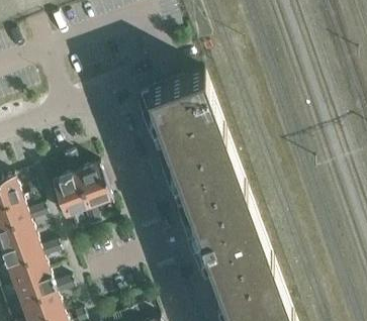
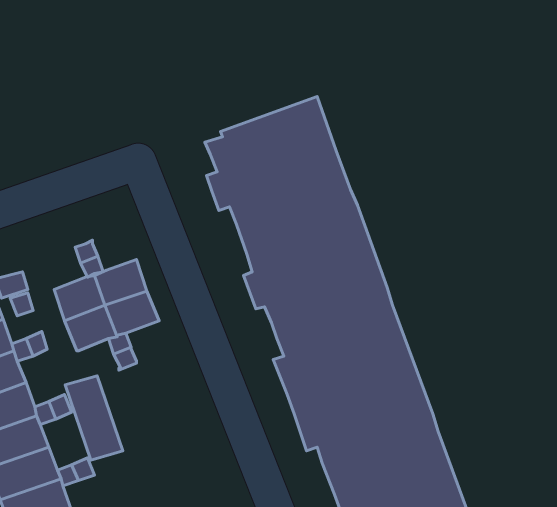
building: none -> [65,376,123,460]

